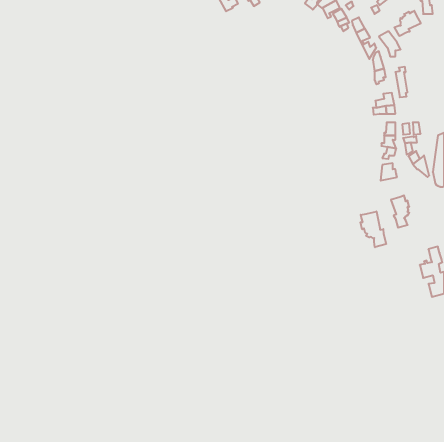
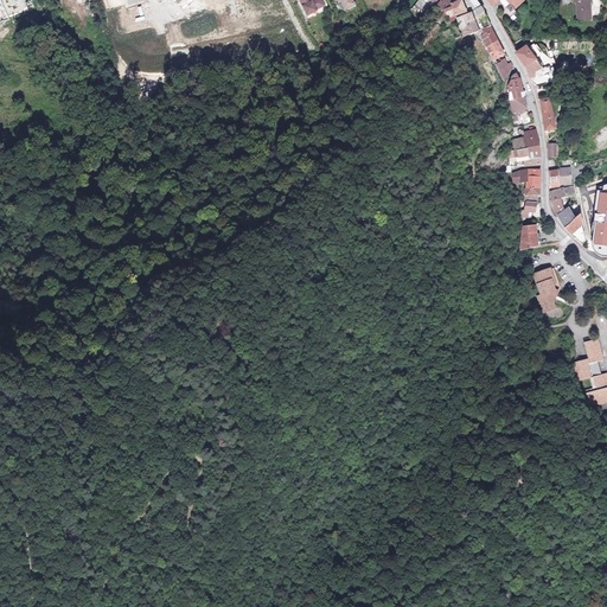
building: [394,11,421,36] -> none
building: [360,211,386,247] -> none

